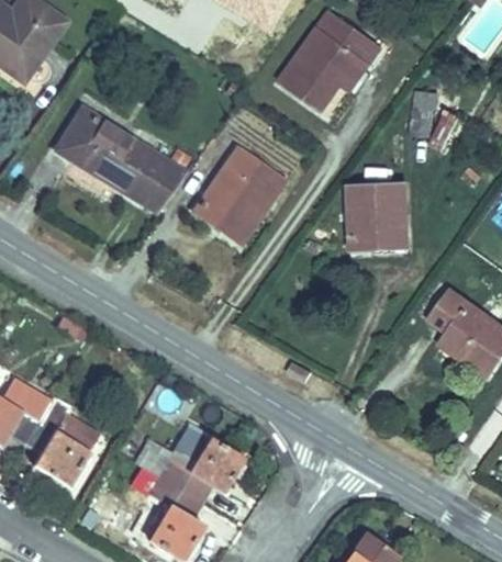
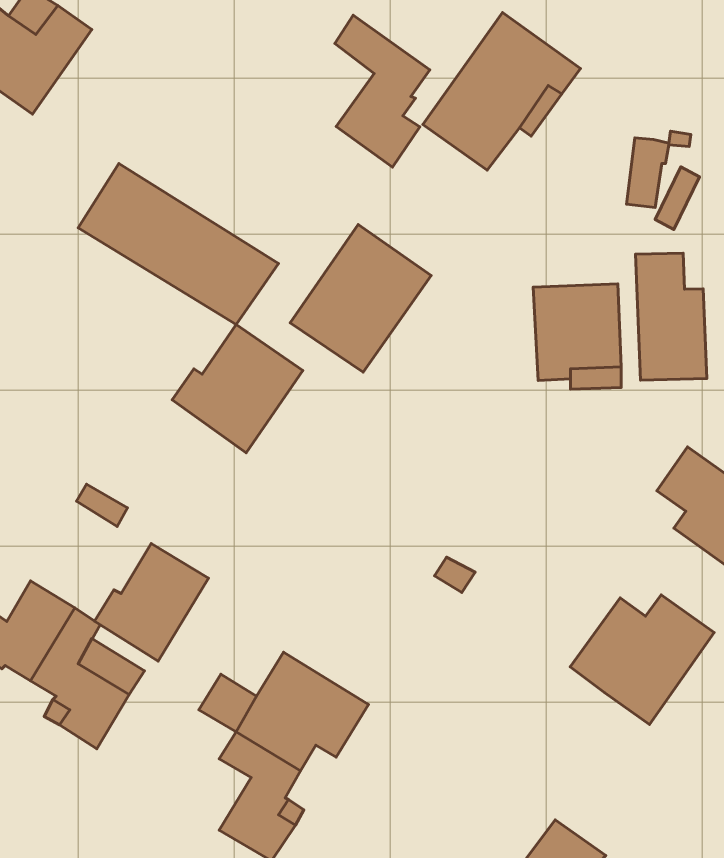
building: none -> [335,15,430,167]
building: none -> [635,253,707,380]
building: none -> [172,325,303,453]
building: none -> [95,544,208,661]
building: none -> [570,595,714,725]

